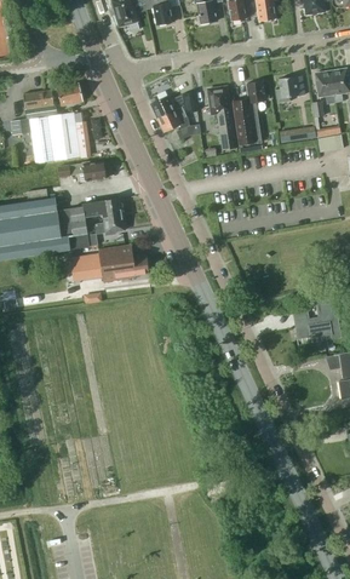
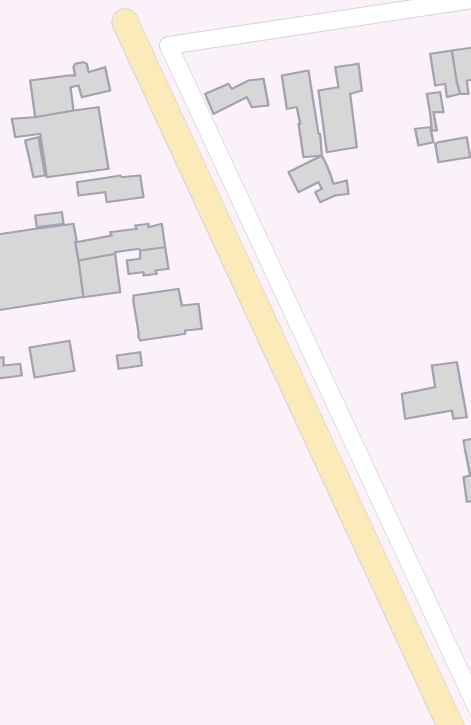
building: [276,76,304,102] -> none
building: [156,105,200,139] -> [288,155,348,202]
building: [69,254,102,281] -> [29,341,74,378]

